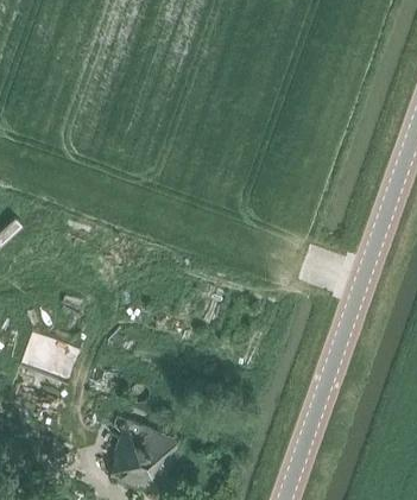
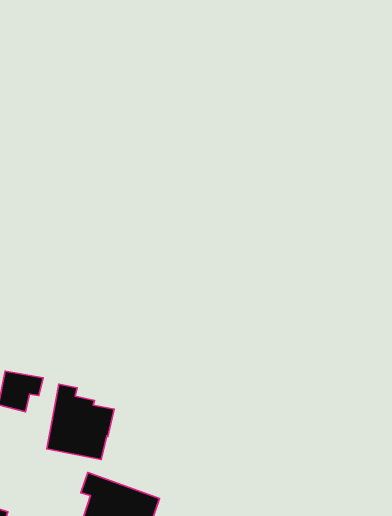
building: none -> [47,384,114,460]

